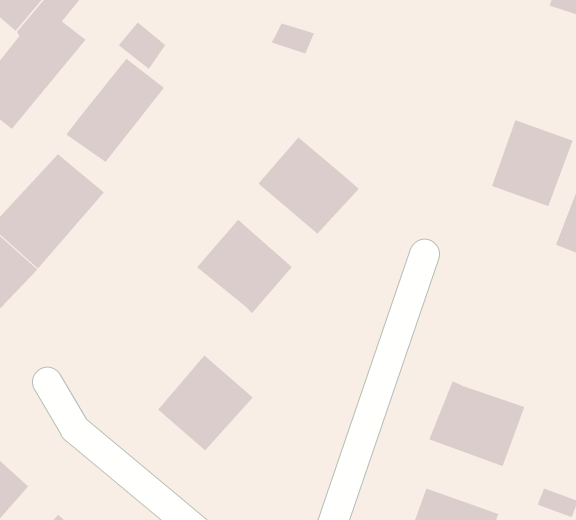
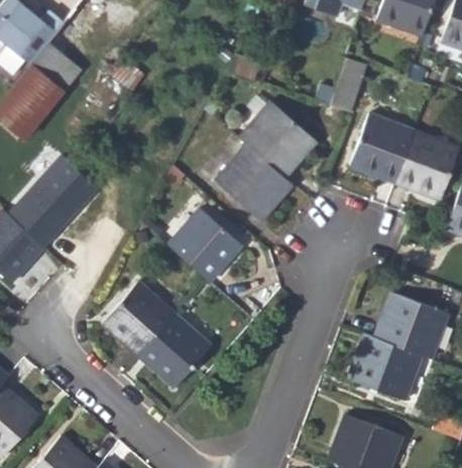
building: none -> [329,57,367,112]
building: [66,58,165,163] -> none
building: none -> [239,102,315,176]
building: none -> [349,114,414,182]
building: none -> [102,281,174,355]
building: none -> [374,292,447,357]

